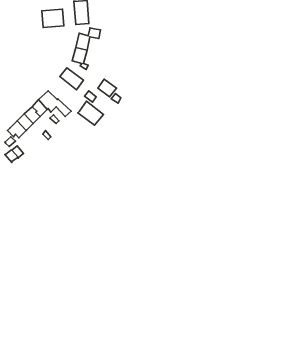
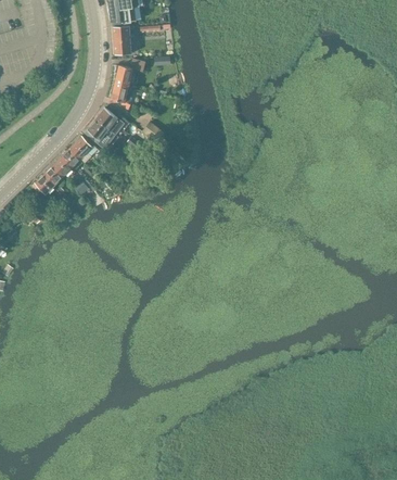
building: [42,9,64,27] -> none
building: [78,101,103,125] -> [85,118,116,148]

